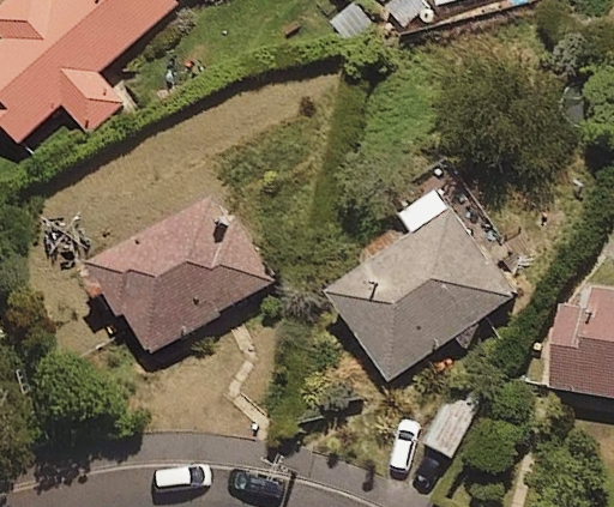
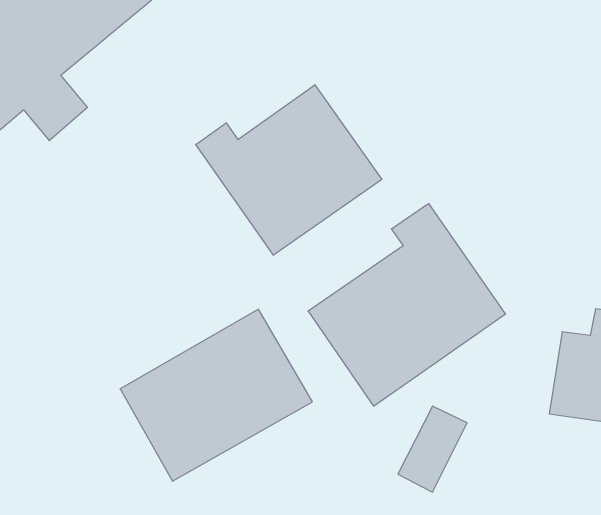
building: none -> [196,85,382,255]
building: [92,194,272,355] -> [120,309,312,481]

